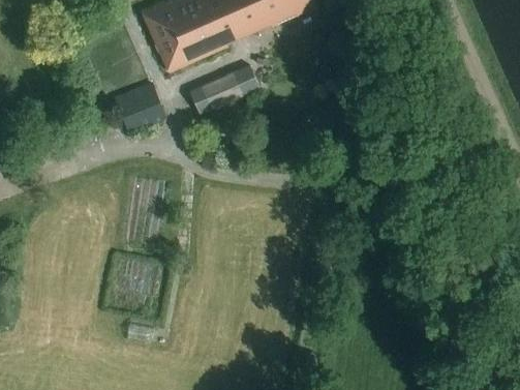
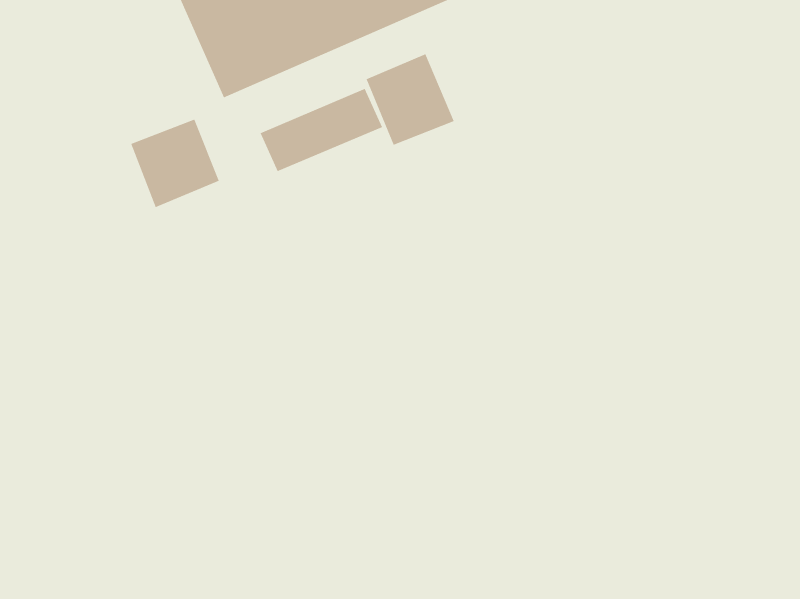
building: none -> [366,53,455,146]

